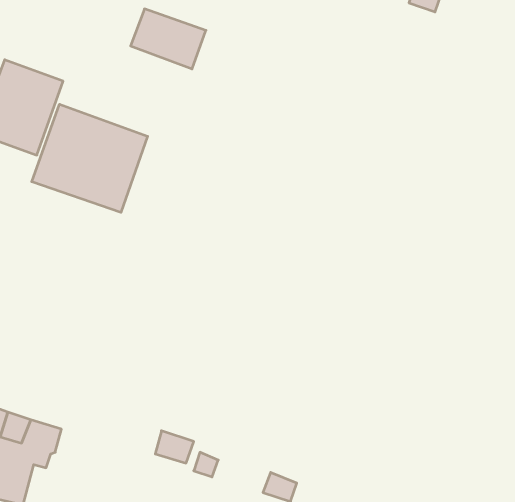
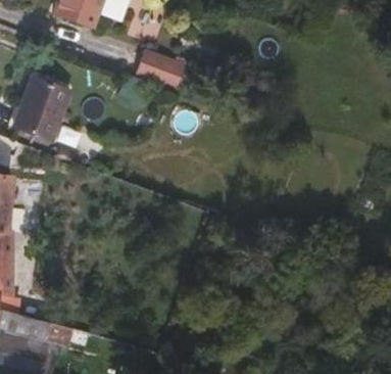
building: [32,104,148,212] -> none

